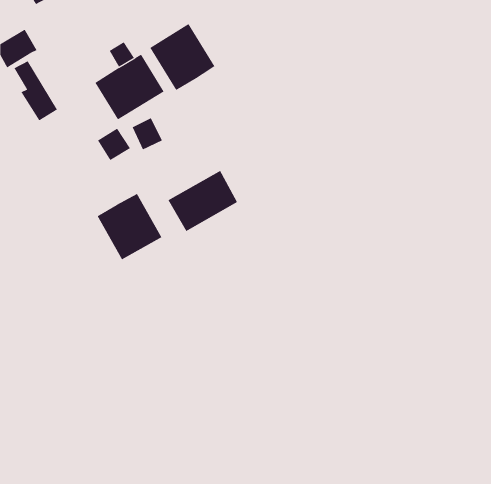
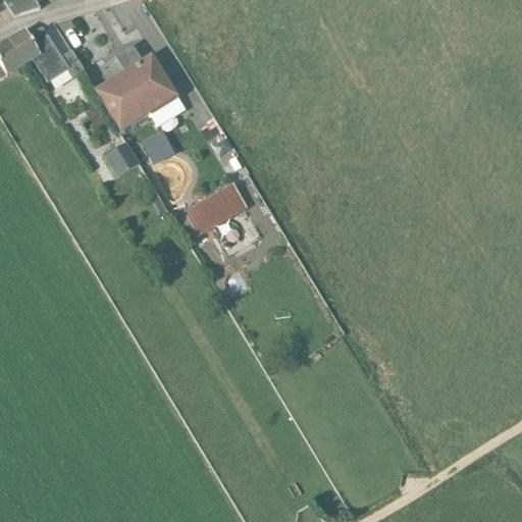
building: [149,23,215,91] -> none
building: [14,60,58,121] -> [27,22,73,87]
building: [97,193,162,260] -> none

